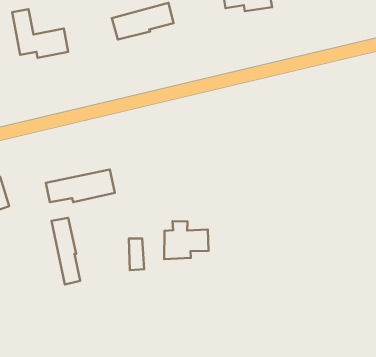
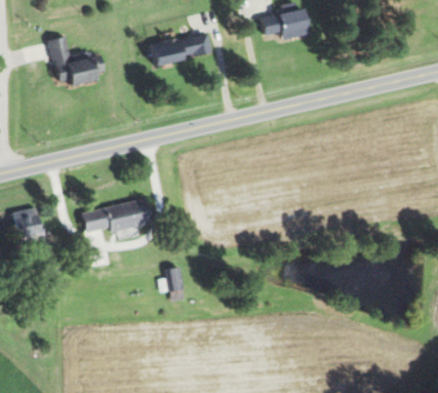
building: [52,218,80,284] -> none
building: [164,221,208,259] -> none

